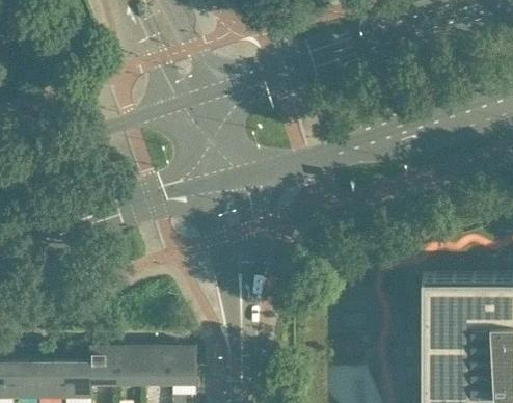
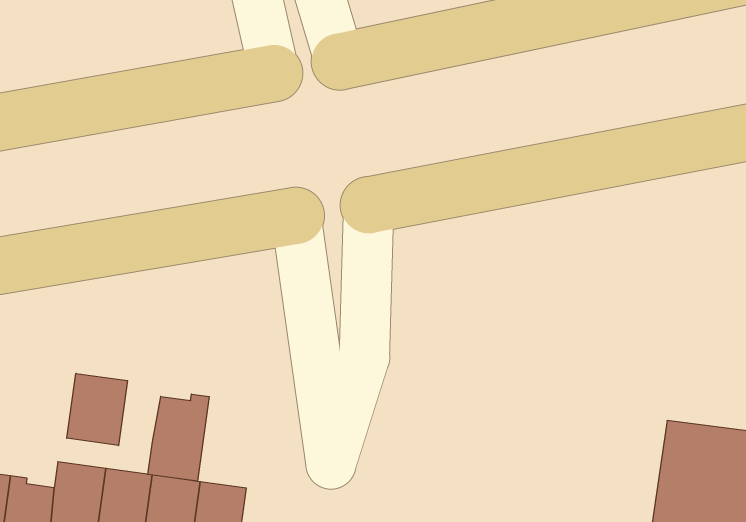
building: none -> [67,373,128,446]
building: none -> [148,394,209,481]

